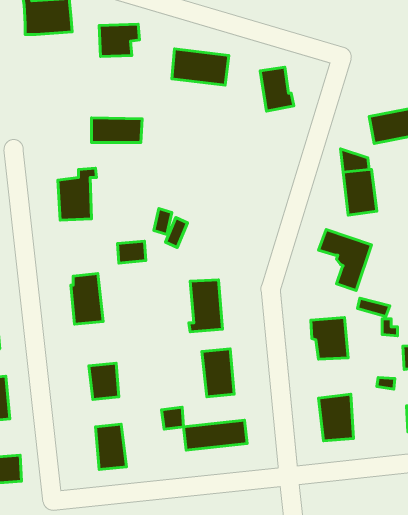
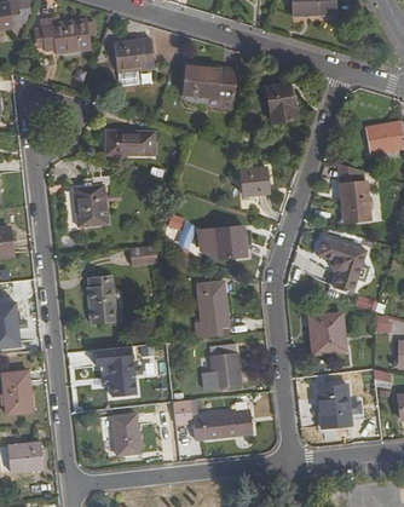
building: none -> [238,165,266,192]
building: none -> [214,224,247,258]

